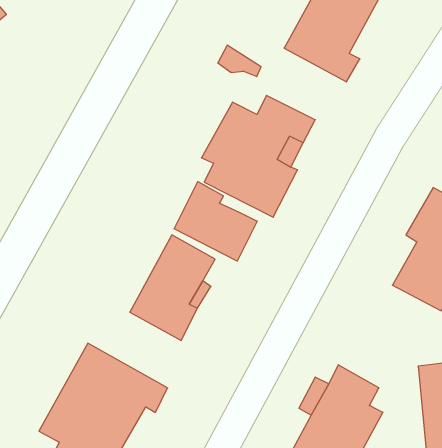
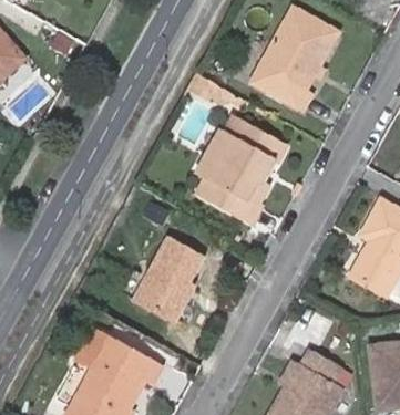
building: [174,182,257,261] -> none

